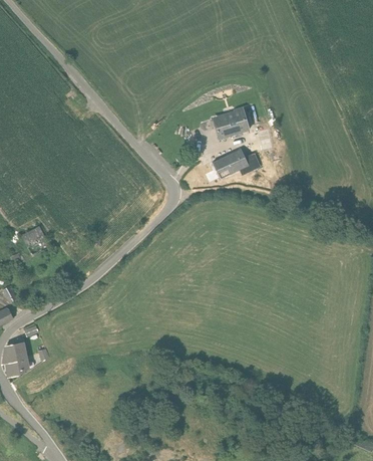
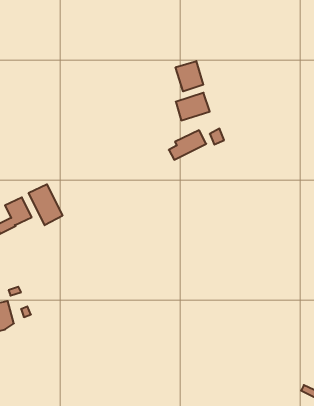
building: none -> [176,61,203,91]
building: none -> [29,184,62,225]

